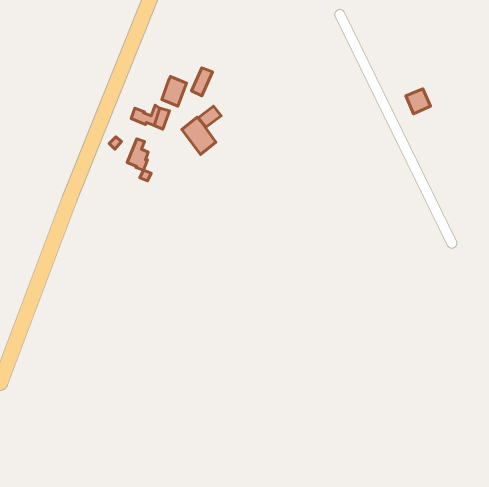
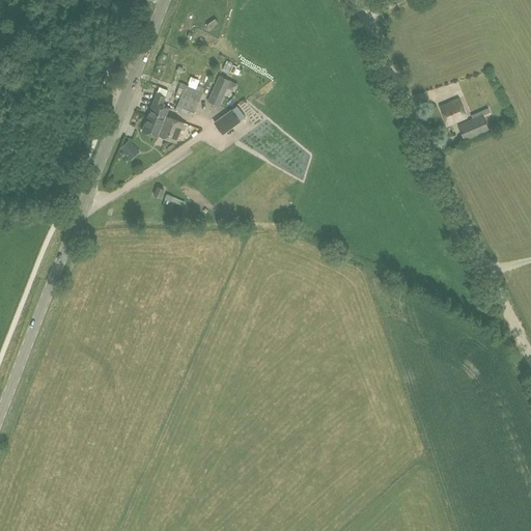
building: none -> [457,106,490,138]
building: [182,117,216,154] -> none
building: [127,139,148,170] -> [146,91,169,125]

